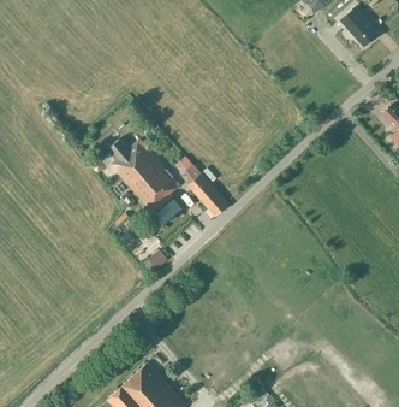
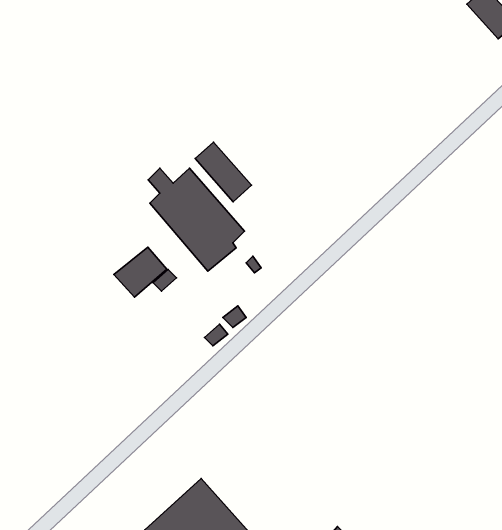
building: [187,172,228,216] -> [195,142,252,202]
building: none -> [114,247,167,297]

